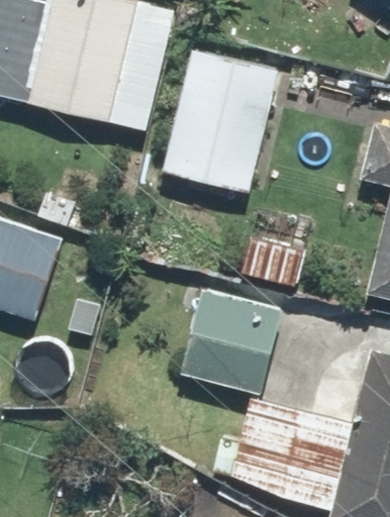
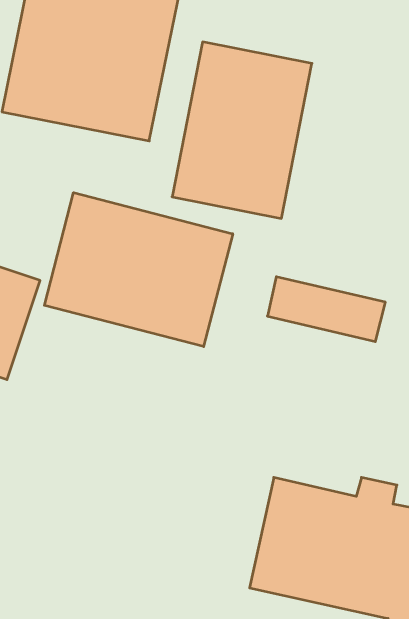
building: none -> [44,193,233,347]
building: [180,290,283,394] -> none

